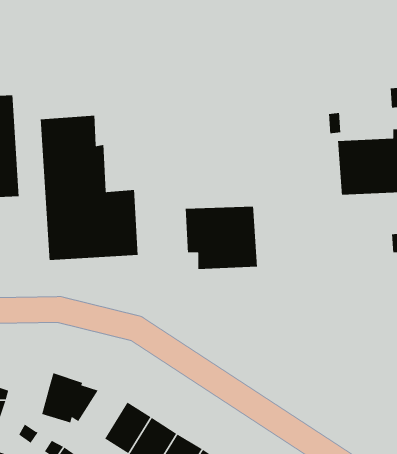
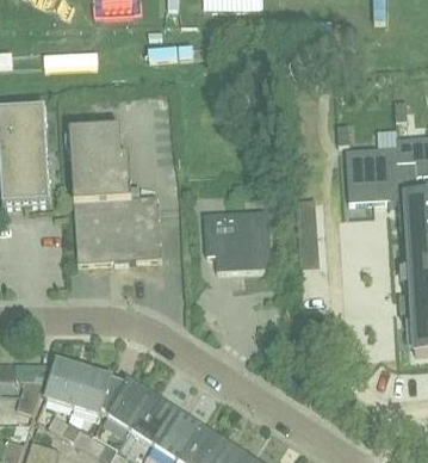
building: none -> [296,197,320,267]
building: none -> [44,357,81,405]
building: none -> [105,377,150,427]

